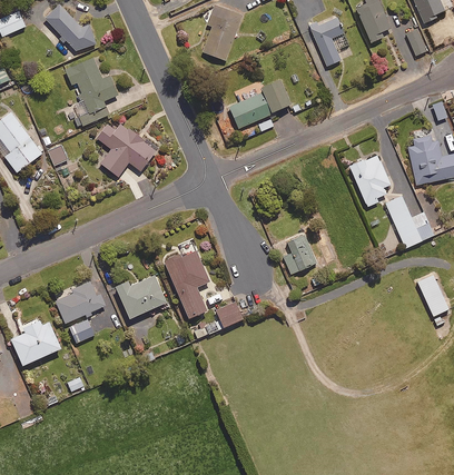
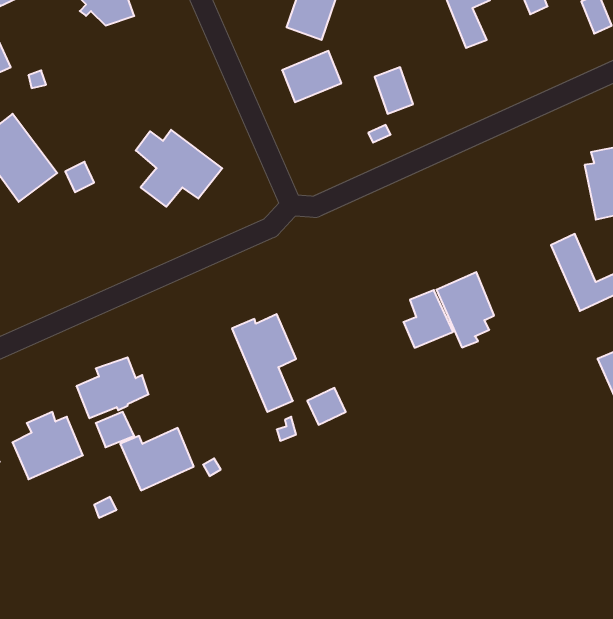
building: [65,57,117,127] -> none
building: [229,92,270,128] -> [282,51,341,102]
building: [349,154,389,206] -> [436,272,494,347]
building: [115,275,166,318] -> [120,428,194,490]

